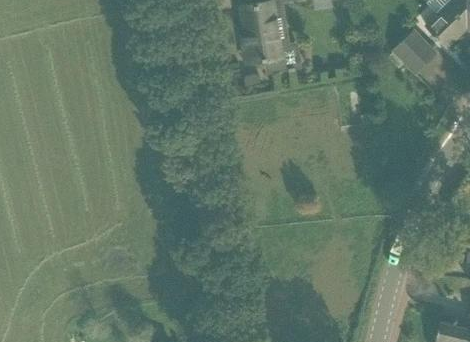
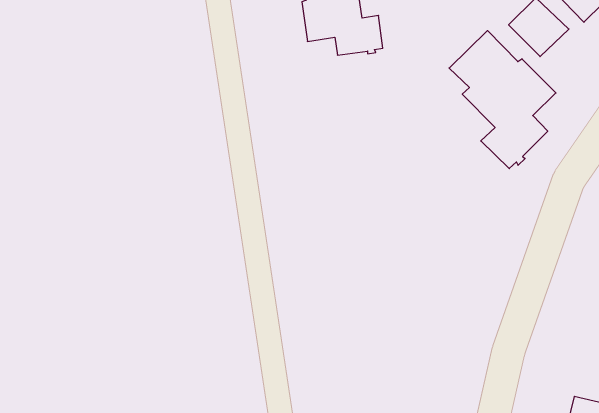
building: none -> [449,31,556,169]

